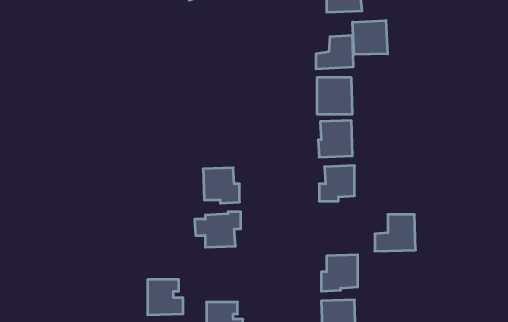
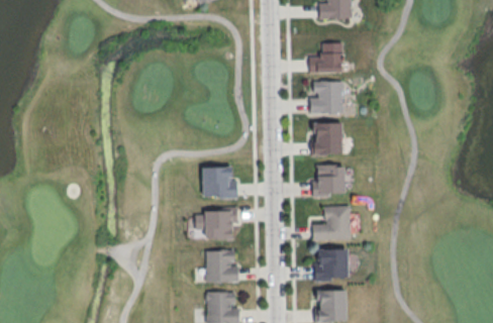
building: [353,20,388,55] -> none
building: [375,215,416,251] -> [313,206,352,240]
building: [148,280,183,315] -> [206,249,239,283]

